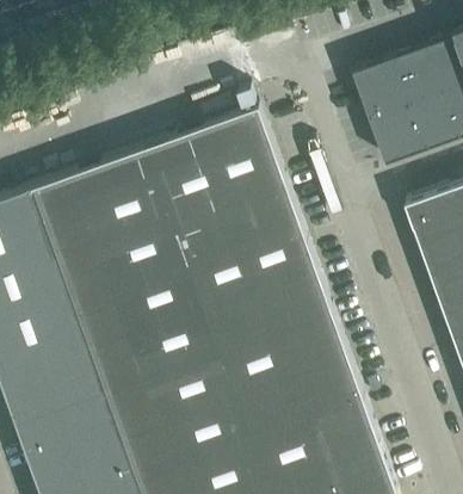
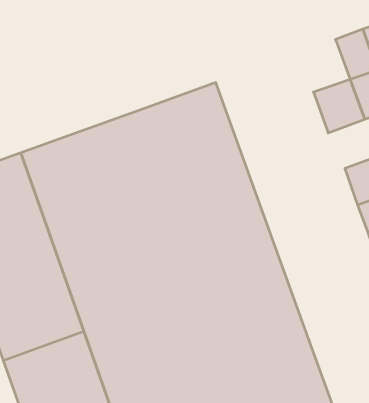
building: [352,60,410,119] -> none

